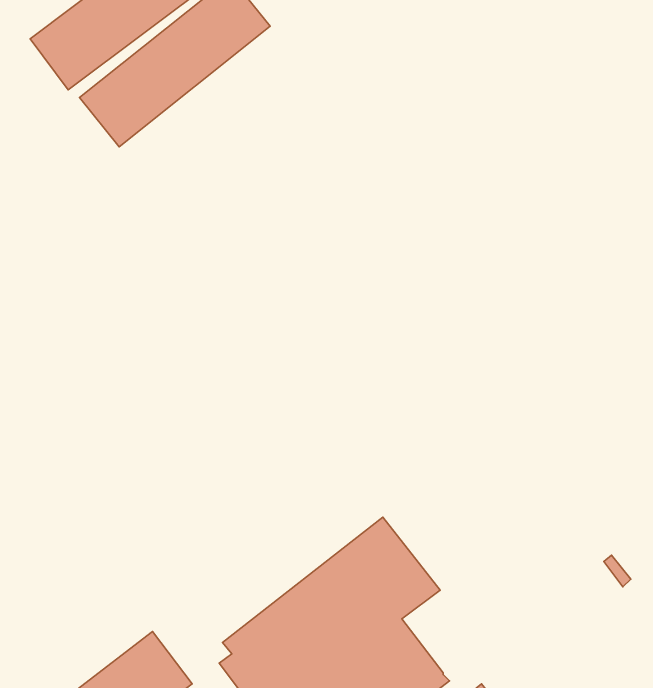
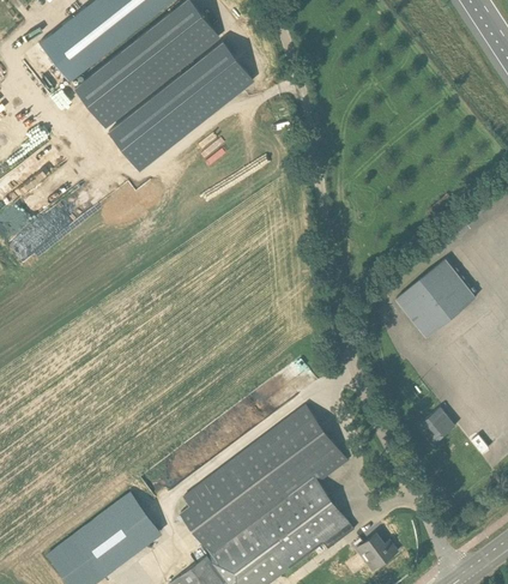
building: none -> [105,48,249,171]
building: none -> [394,261,476,342]
building: none -> [416,407,454,445]

